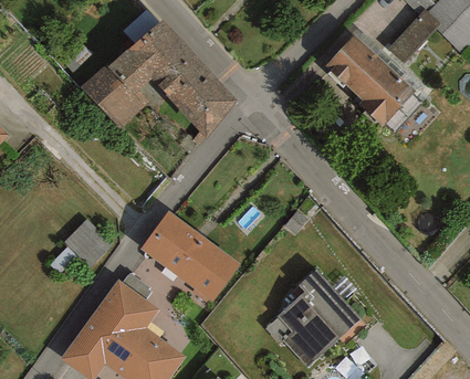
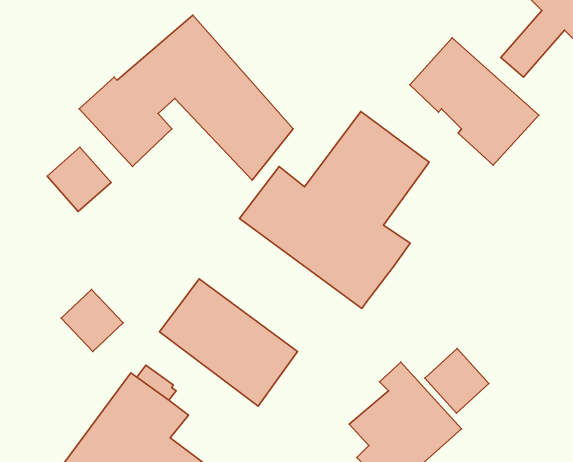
building: none -> [239,112,429,308]
building: none -> [47,147,111,211]
building: none -> [425,348,489,413]

